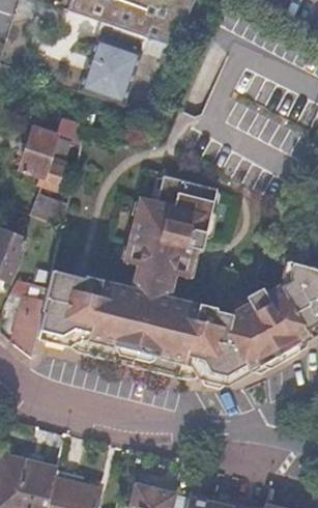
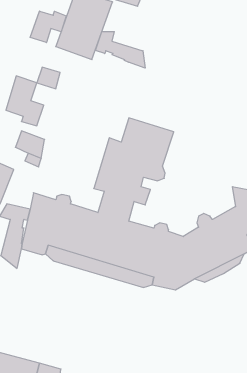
building: none -> [30,11,66,43]
building: none -> [95,32,145,68]

